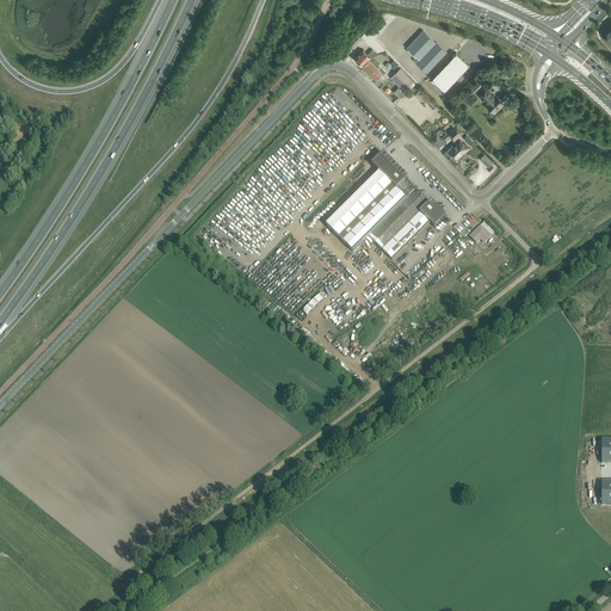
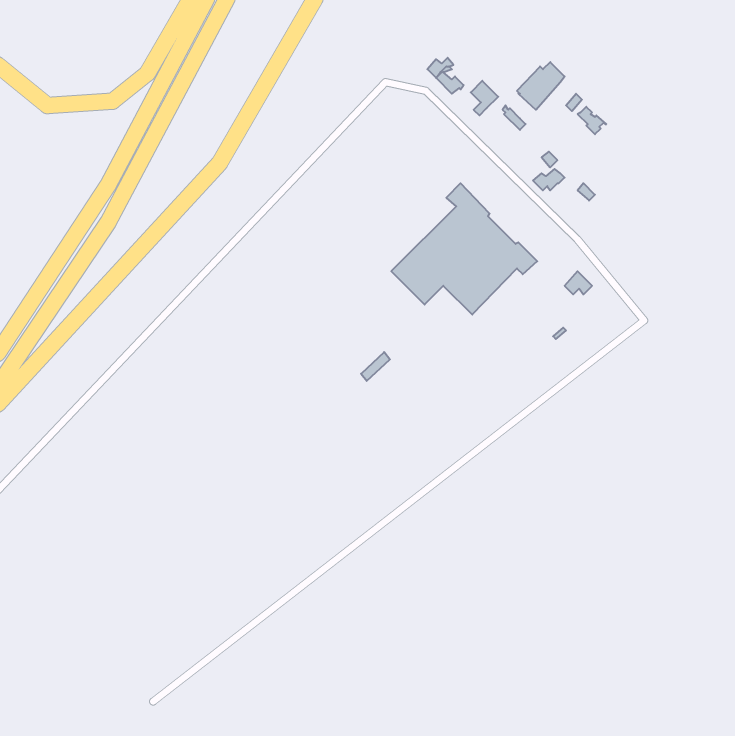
building: [405,29,448,74] -> none

